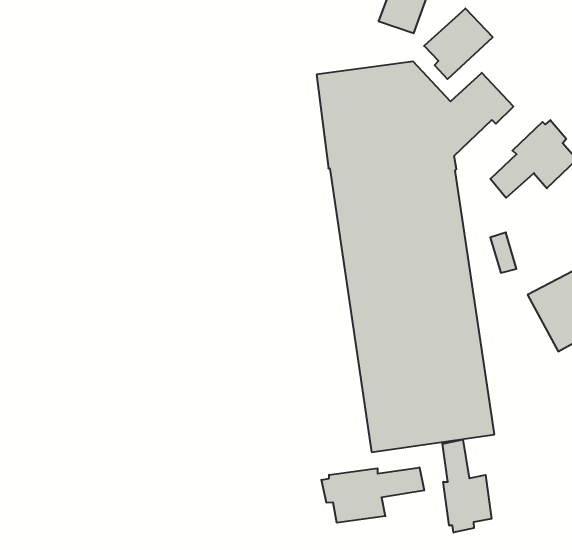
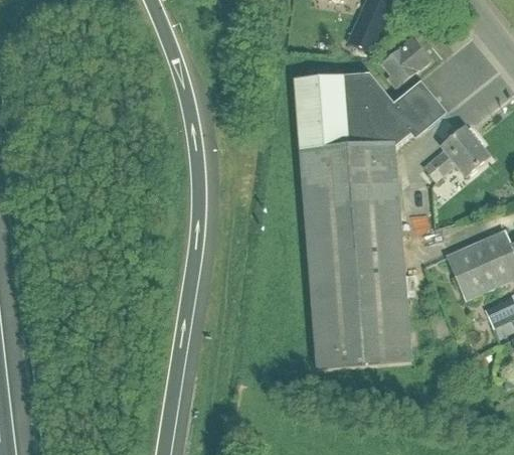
building: [442,439,492,533] -> none
building: [321,467,424,523] -> none

